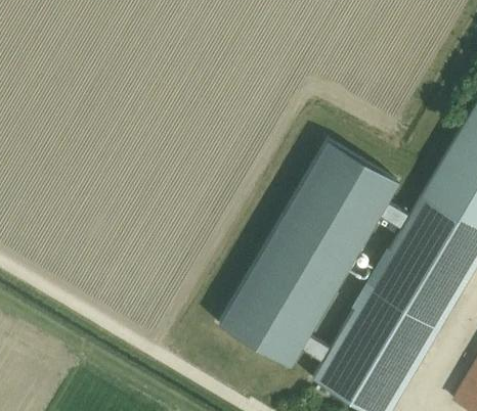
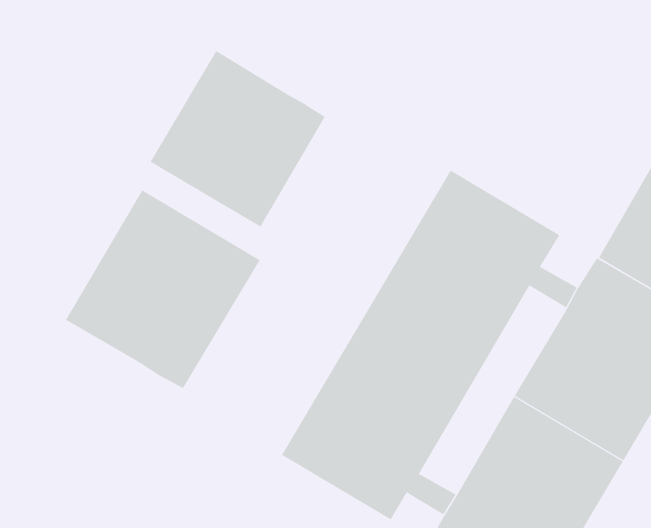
building: none -> [150,50,325,228]
building: none -> [65,190,261,389]

